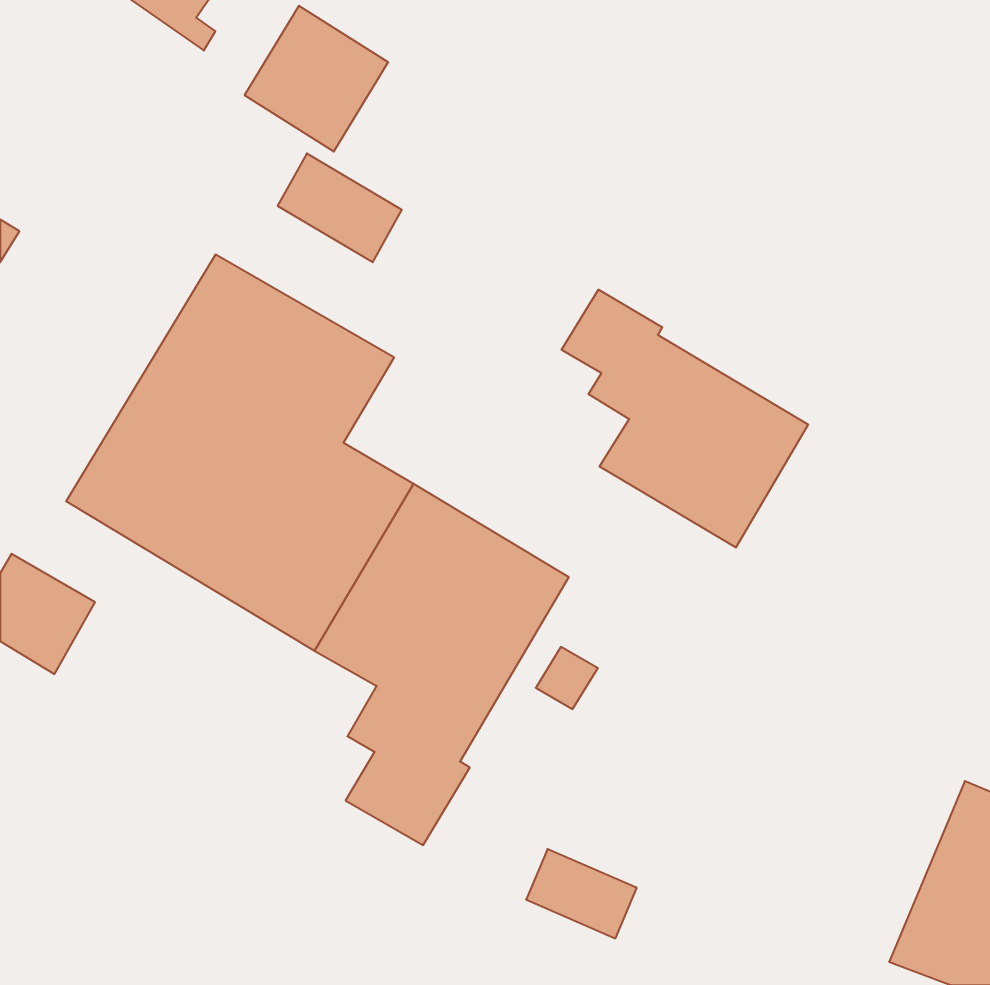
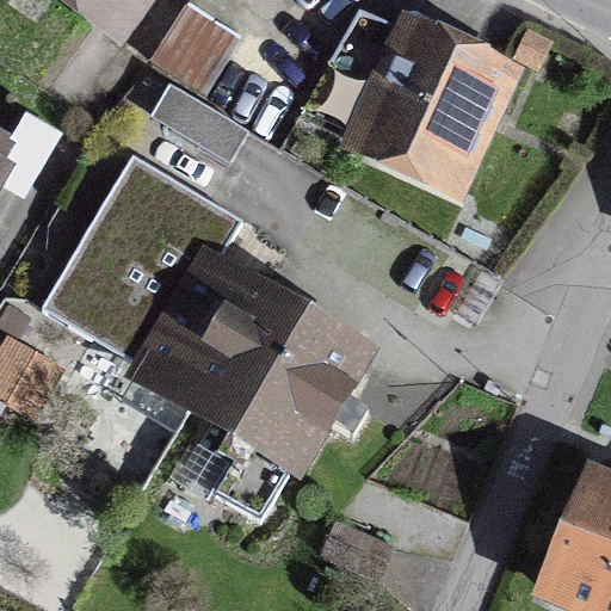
building: none -> [302,18,501,181]
building: [562,290,808,548] -> none

